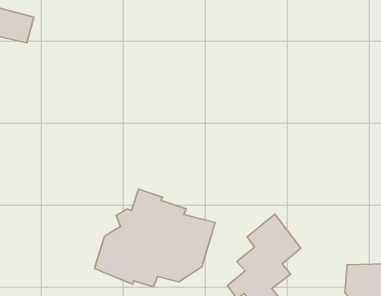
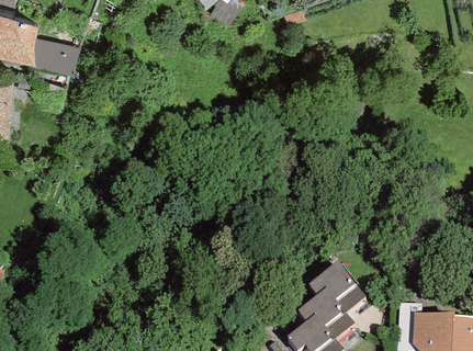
building: [94,189,215,287] -> none

